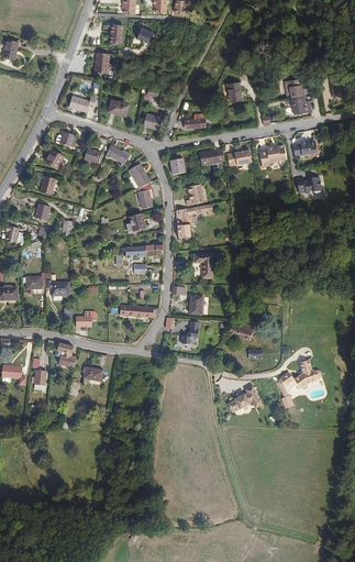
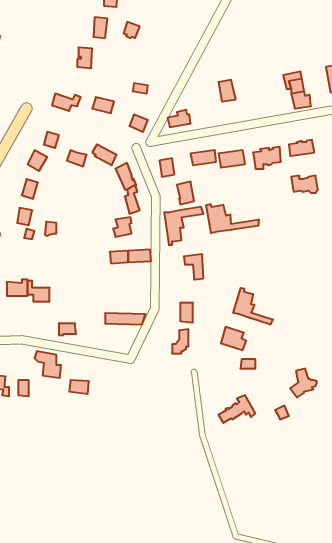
building: none -> [206,204,259,233]
building: none -> [233,288,273,325]

